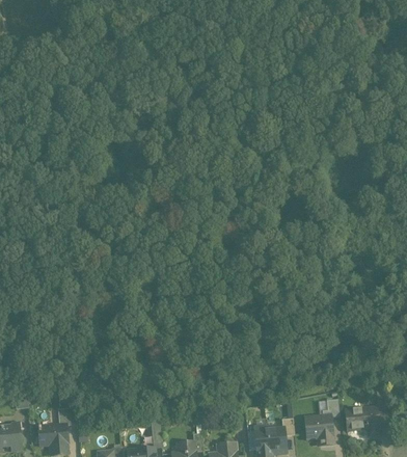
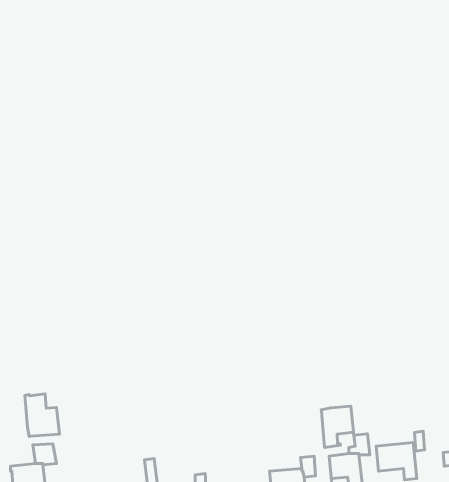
building: none -> [25,394,60,436]
building: none -> [321,406,354,447]

